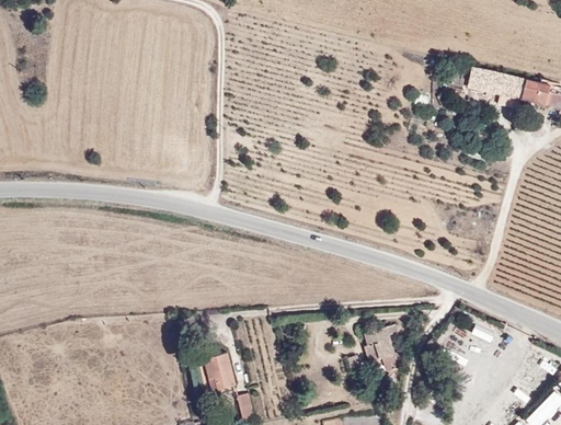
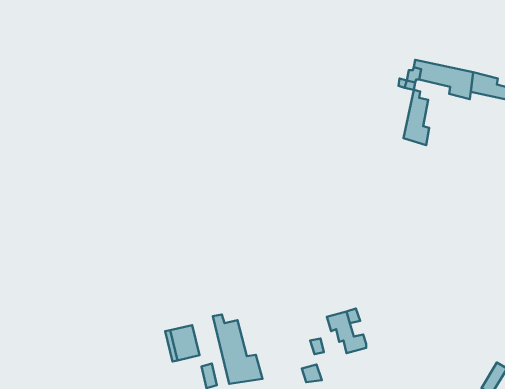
building: none -> [404,90,429,145]
building: none -> [213,315,263,384]

